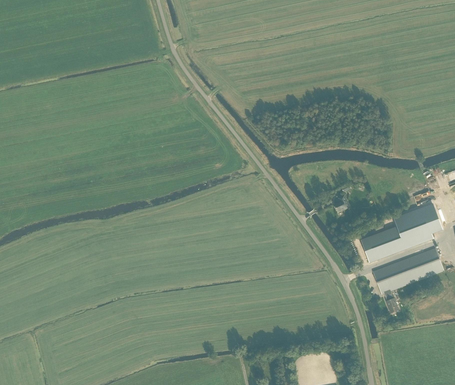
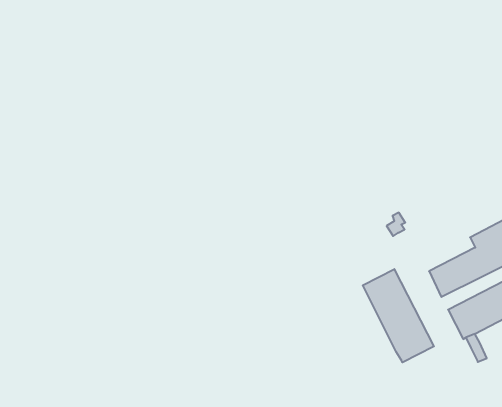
building: none -> [363,269,434,362]

